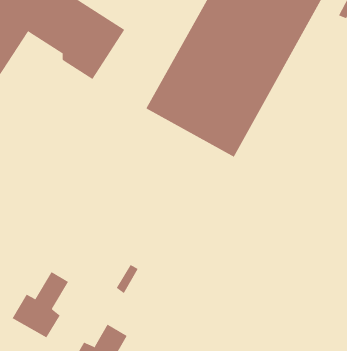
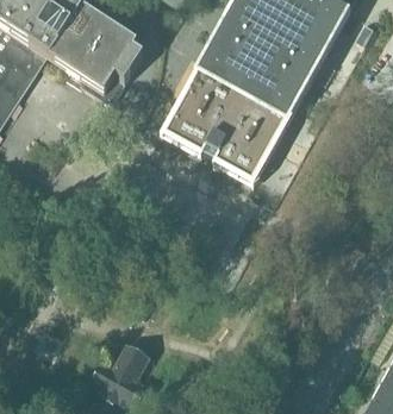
building: [12,271,69,338] -> none

